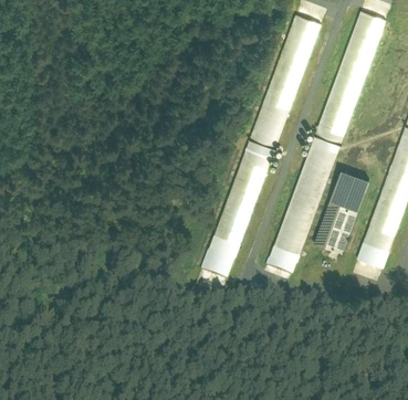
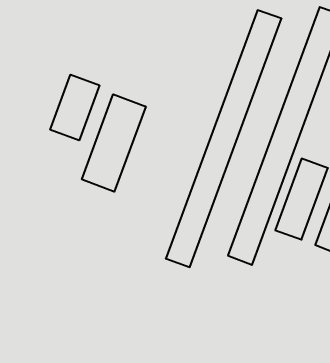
building: none -> [50,75,99,140]
building: none -> [82,94,146,192]

